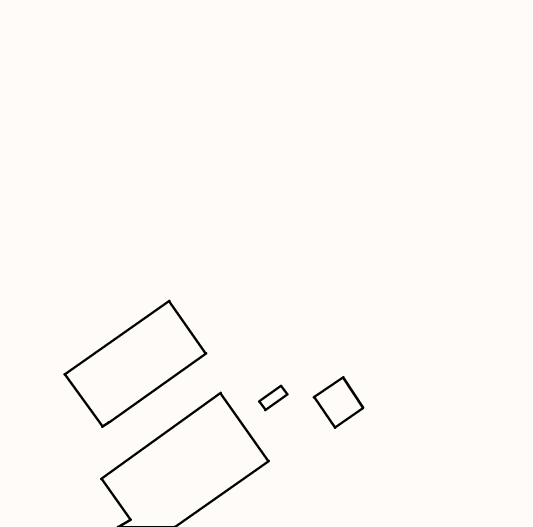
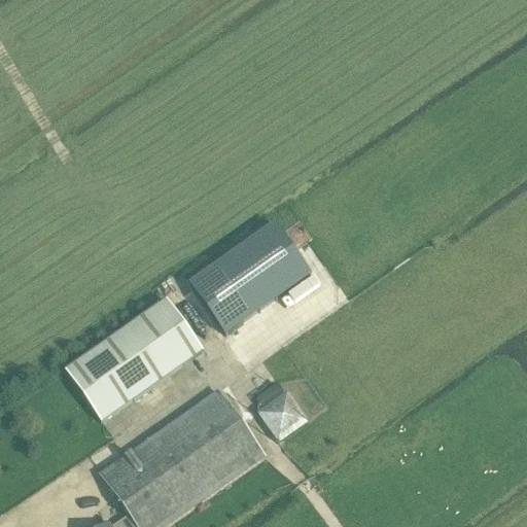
building: none -> [190,220,312,331]
building: [314,377,363,428] -> [258,390,307,440]

